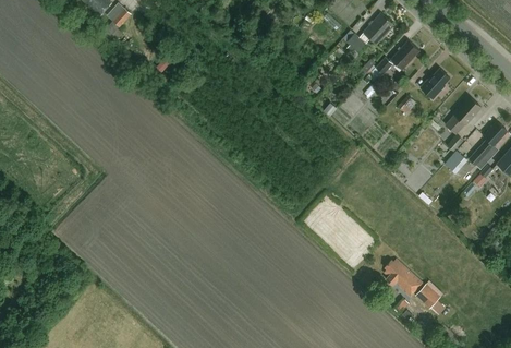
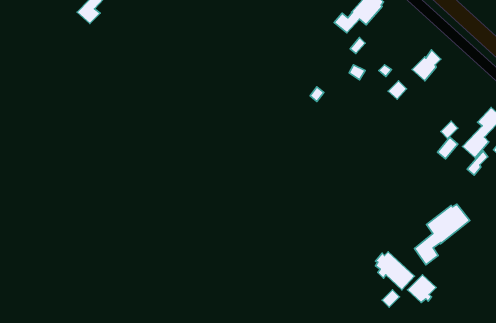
building: [375,41,418,74] -> none
building: [445,97,480,135] -> none
building: none -> [414,204,470,265]

